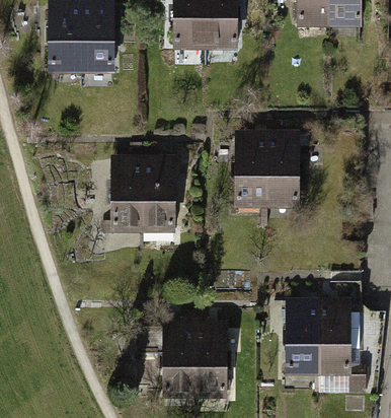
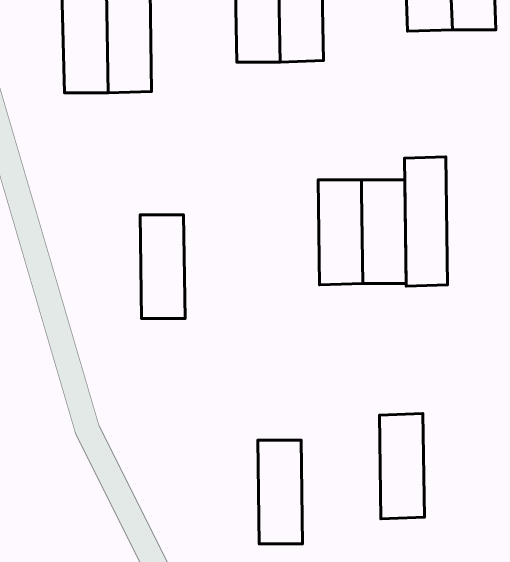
building: none -> [405,157,447,286]
building: [139,157,171,233] -> none
building: [312,302,345,377] -> none
building: [161,322,193,398] -> none

